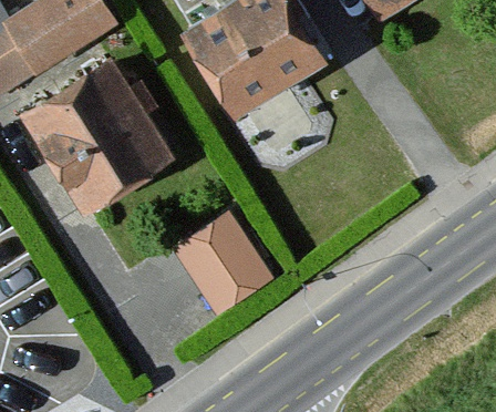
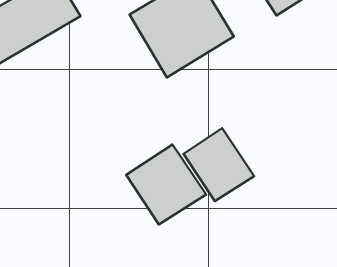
building: [20,56,175,217] -> none
building: none -> [183,128,254,201]

